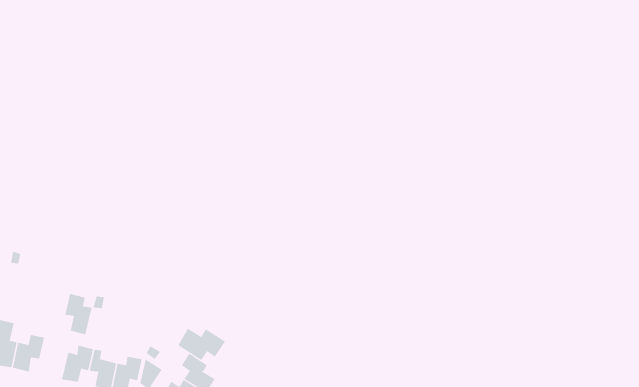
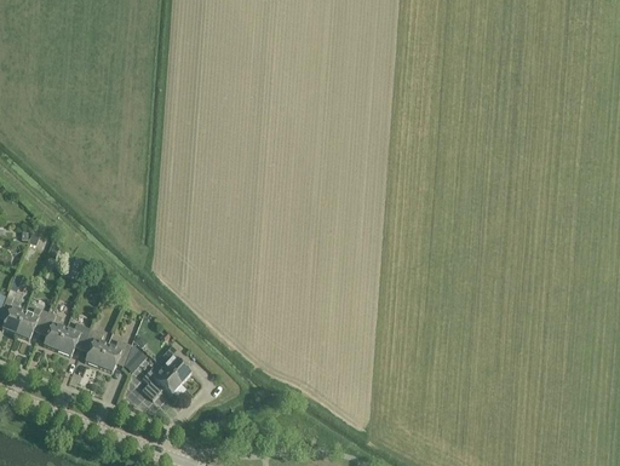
building: [65,293,93,335] -> [40,312,65,351]
building: [178,328,226,361] -> none

